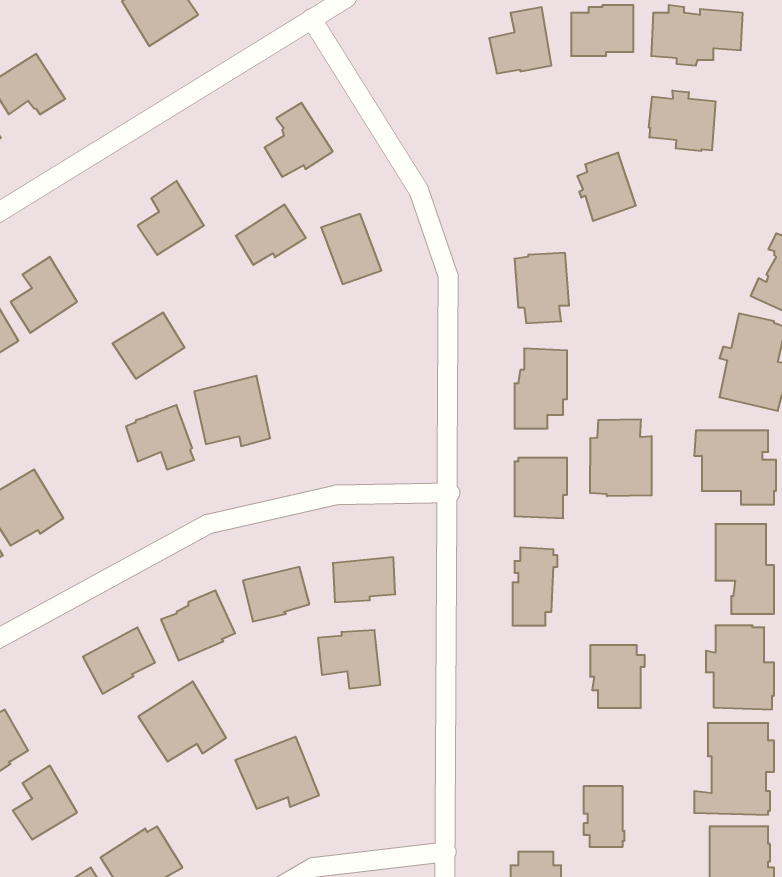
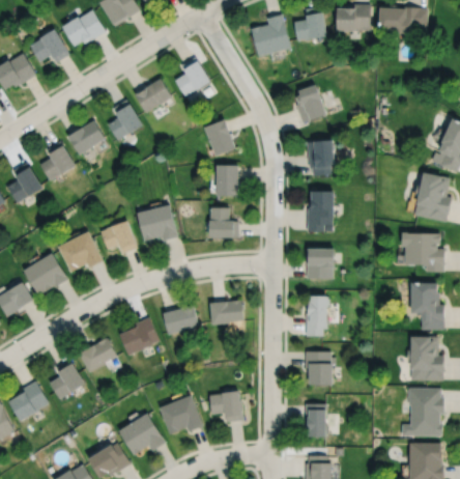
building: none -> [61,11,105,49]
building: none -> [251,16,291,58]
building: [649,90,715,151] -> none
building: [577,153,636,221] -> [294,86,325,122]
building: [236,205,306,265] -> [134,81,171,113]
building: none -> [217,163,238,196]
building: [112,312,185,379] -> [66,118,105,153]
building: none -> [209,206,238,236]
building: [590,419,652,496] -> none
building: none -> [57,230,103,271]
building: [318,630,380,689] -> [209,391,242,422]
building: [590,645,645,708] -> [306,351,335,385]
building: [138,681,226,761] -> [118,413,165,455]
building: [13,766,77,840] -> [50,359,84,398]
building: [584,786,625,847] -> [306,404,327,436]

